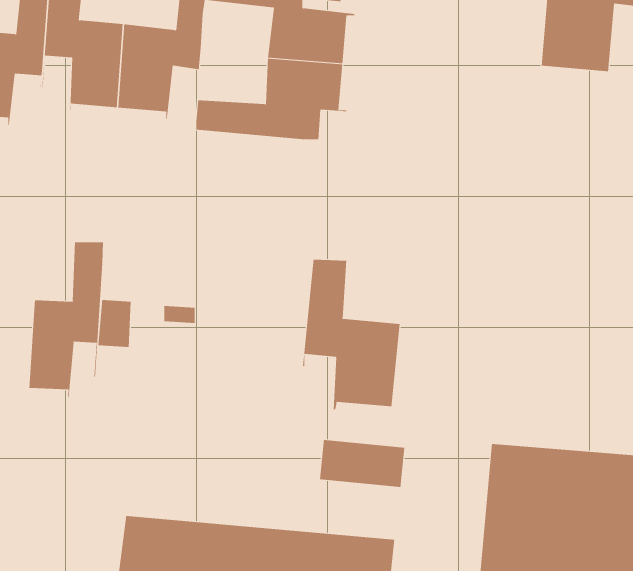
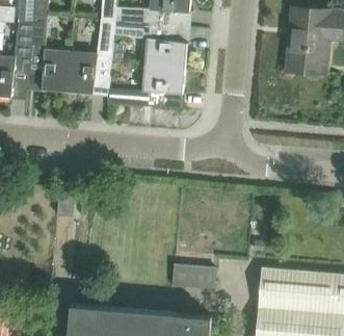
building: [29,242,104,399] -> none
building: [303,259,400,410] -> none

